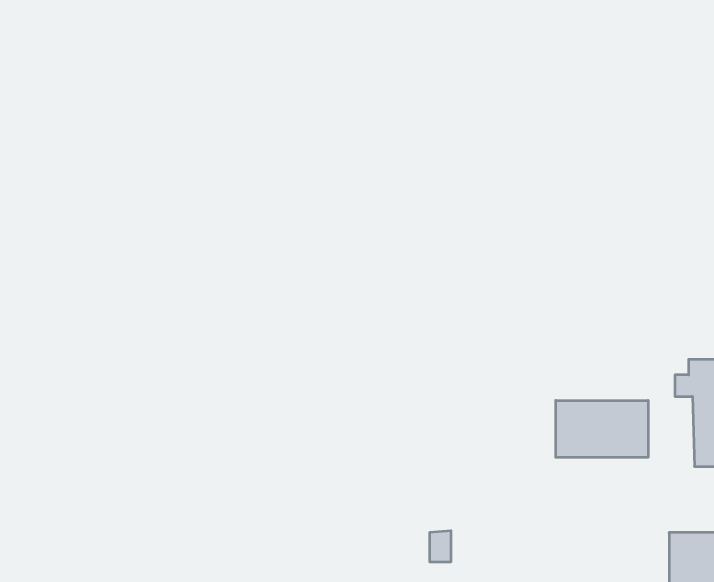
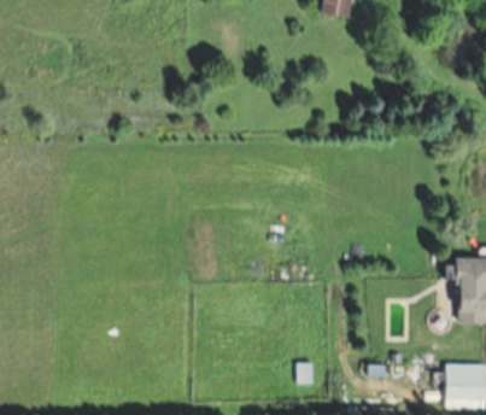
building: [556,400,648,457] -> none

